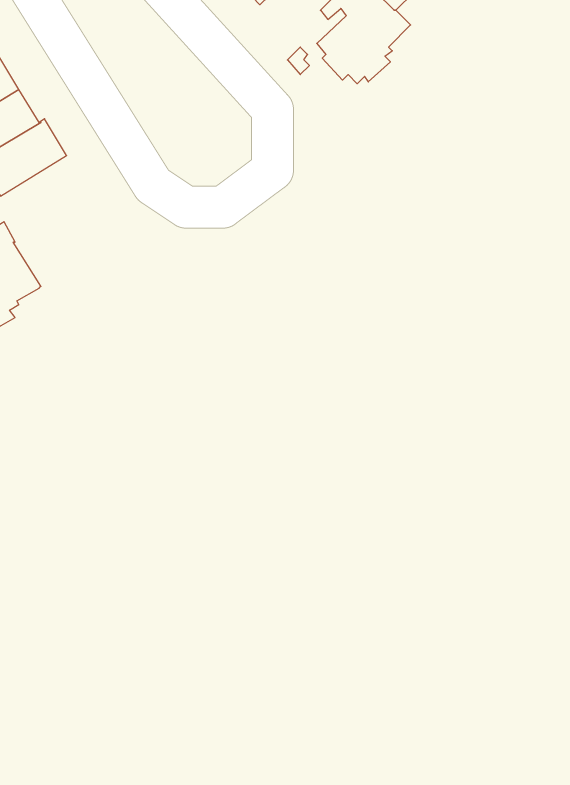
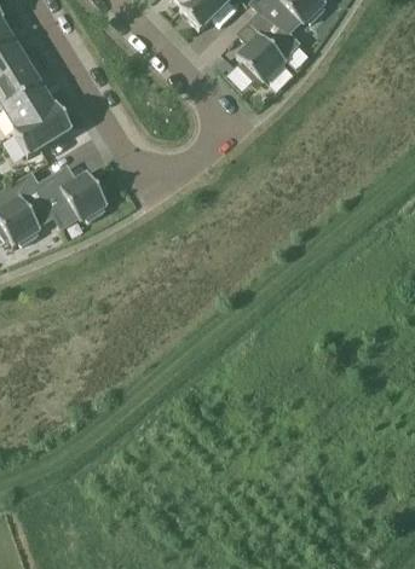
building: none -> [38,170,108,227]

